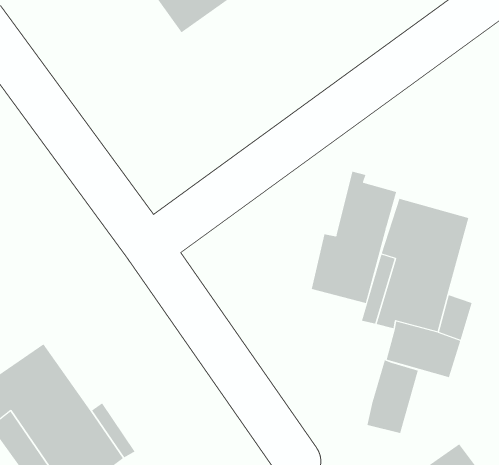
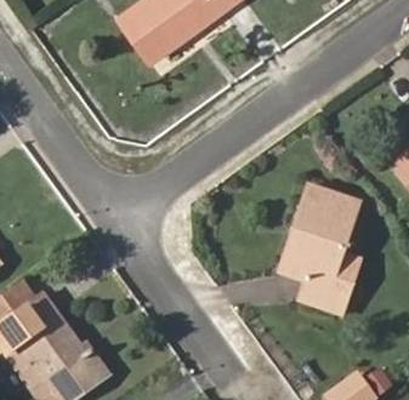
building: [311,171,397,304] -> none
building: [367,359,418,434] -> none

